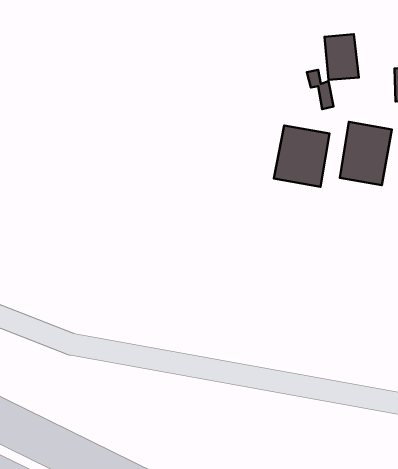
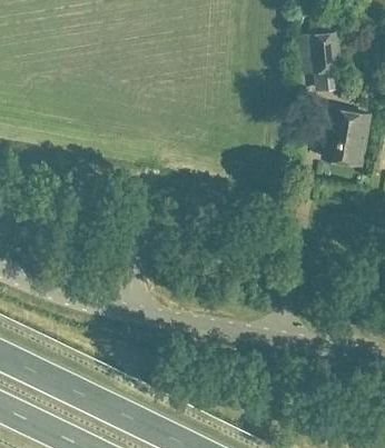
building: [274,126,329,187] -> none

